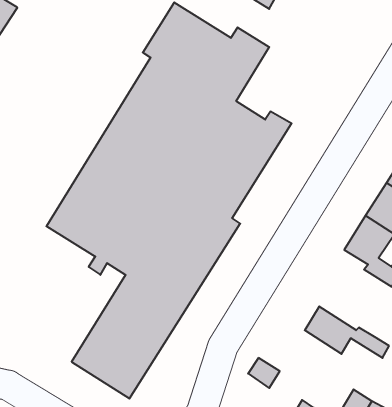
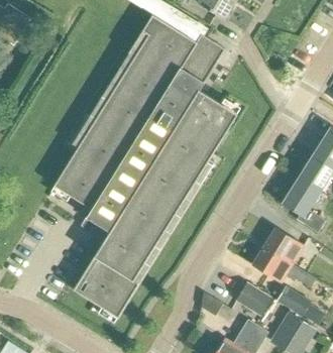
building: none -> [262,228,303,265]
building: none -> [236,281,272,316]
building: none -> [275,284,312,316]

